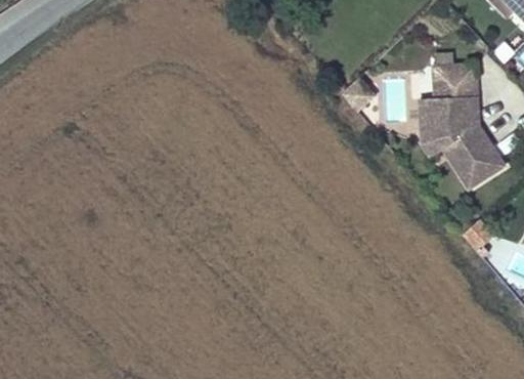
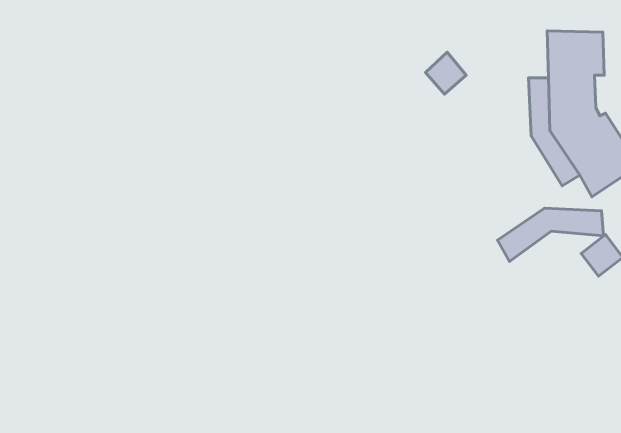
building: none -> [498,208,604,262]

